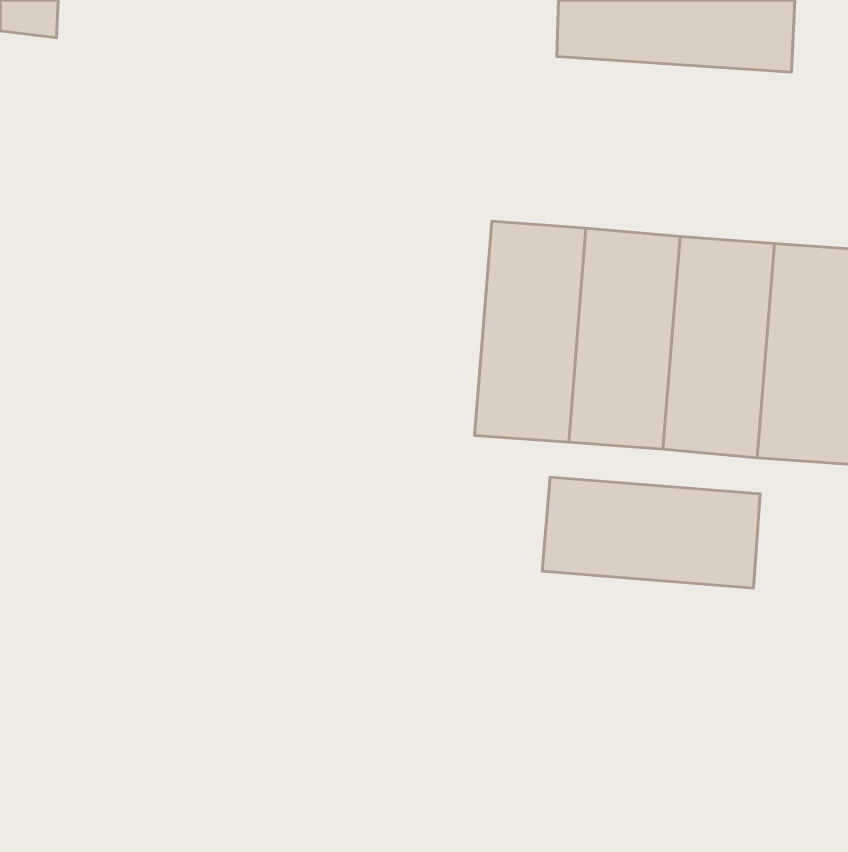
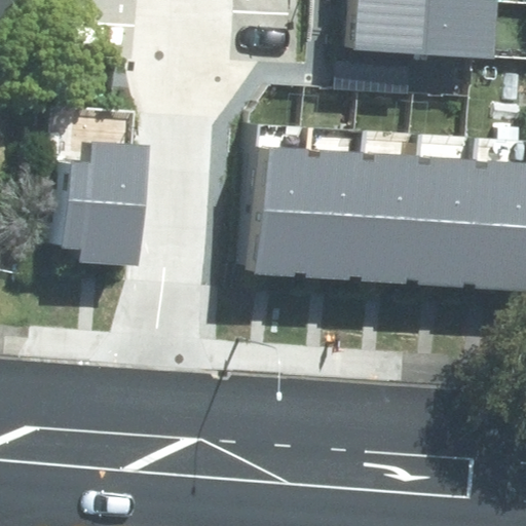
building: none -> [55,141,141,271]
building: none -> [245,143,311,275]
building: [542,477,760,588] -> none

